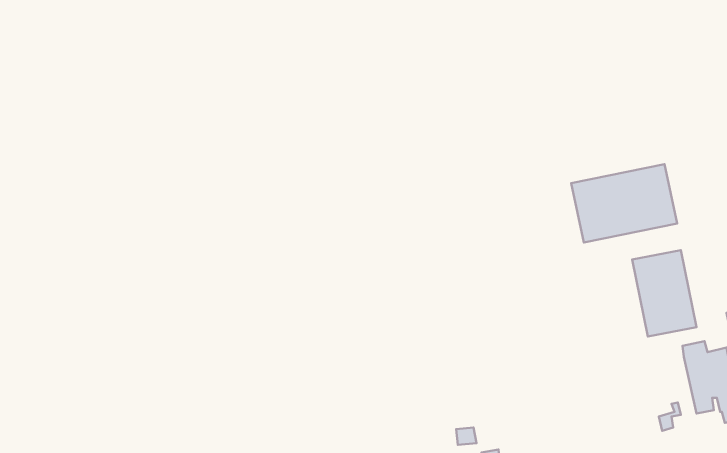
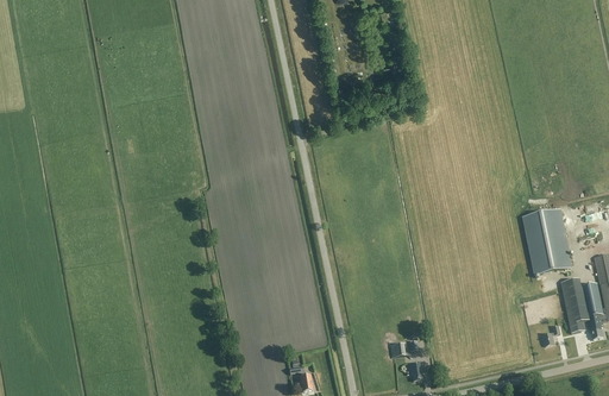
building: [571,164,677,242] -> none

